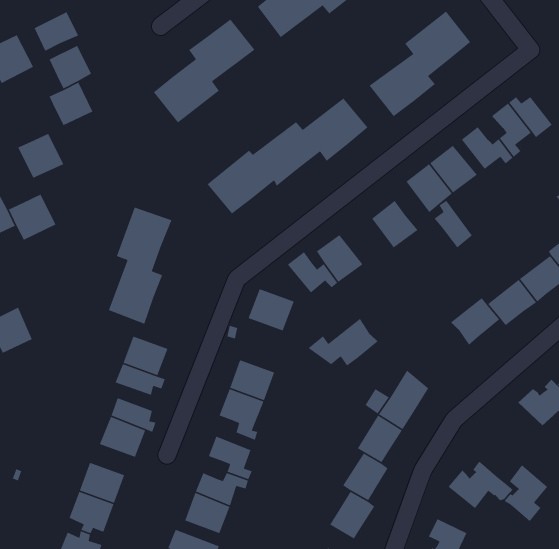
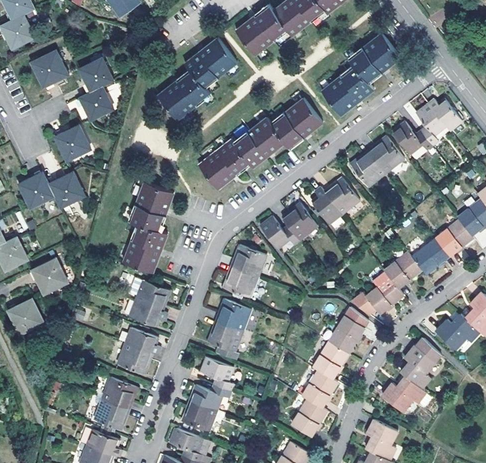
building: [33,11,79,52] -> none
building: [433,200,473,249] -> [311,187,341,224]
building: [307,318,379,367] -> [350,276,404,313]
building: none -> [223,267,257,297]
building: [503,464,548,522] -> [401,344,435,388]

